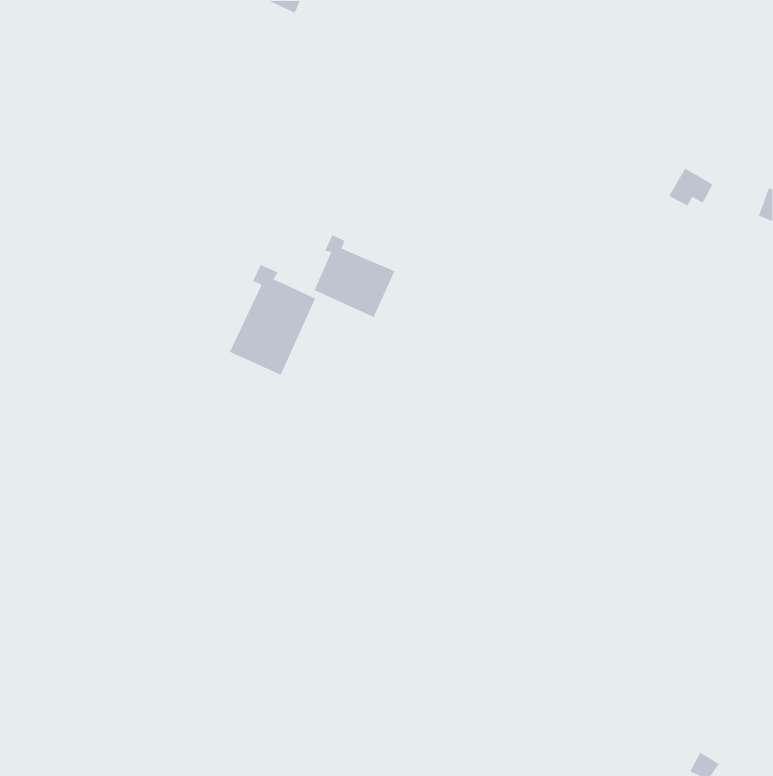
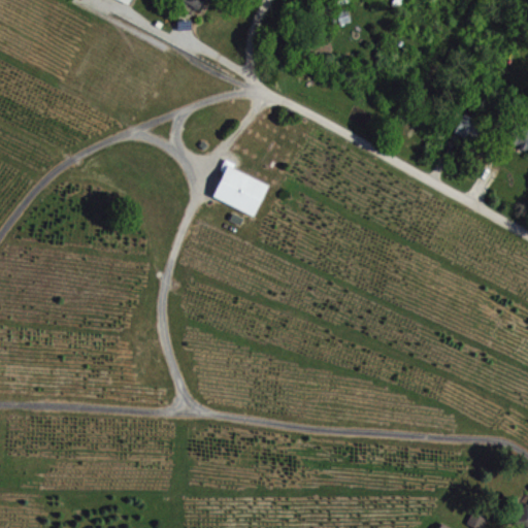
building: [229,264,316,376] -> none

